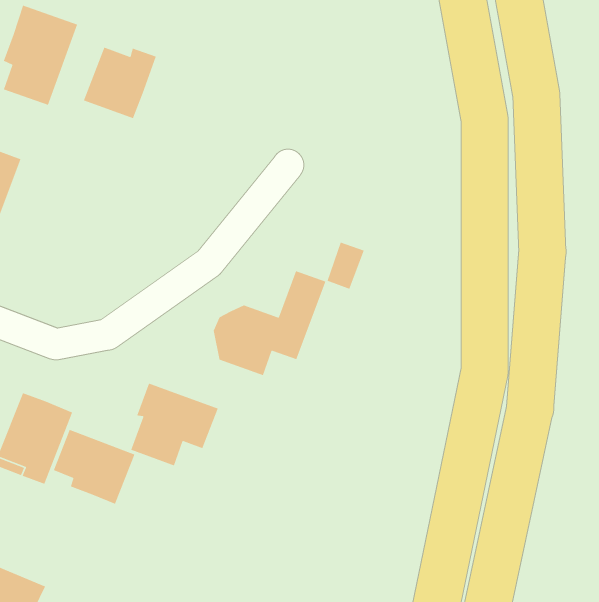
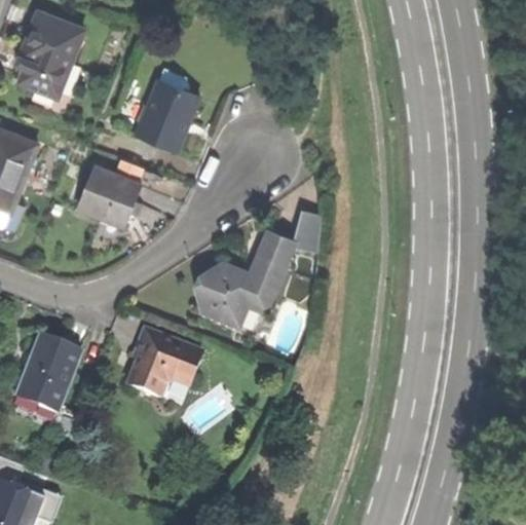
building: [83,46,157,119] -> [137,87,198,148]
building: none -> [78,167,142,227]
building: [53,429,135,505] -> none

